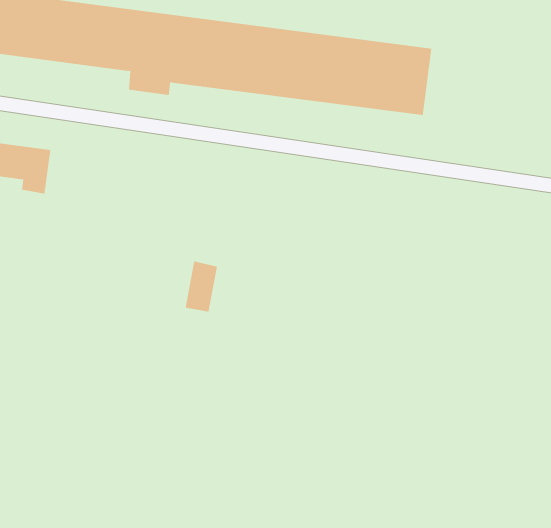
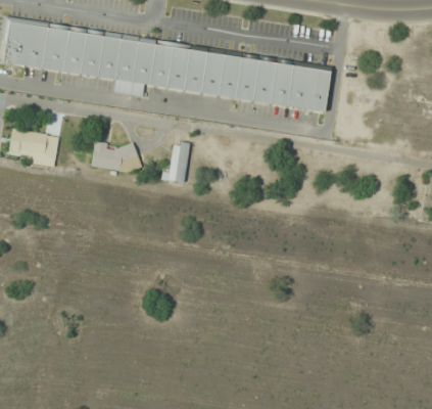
building: none -> [91,142,138,172]
building: [185,261,218,312] -> [167,147,191,184]

